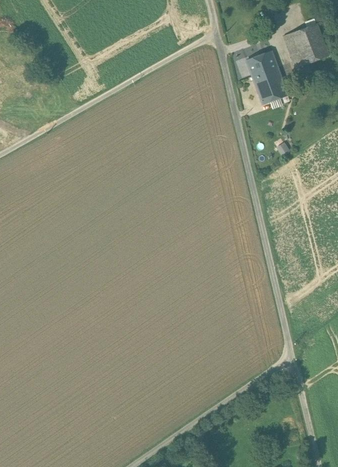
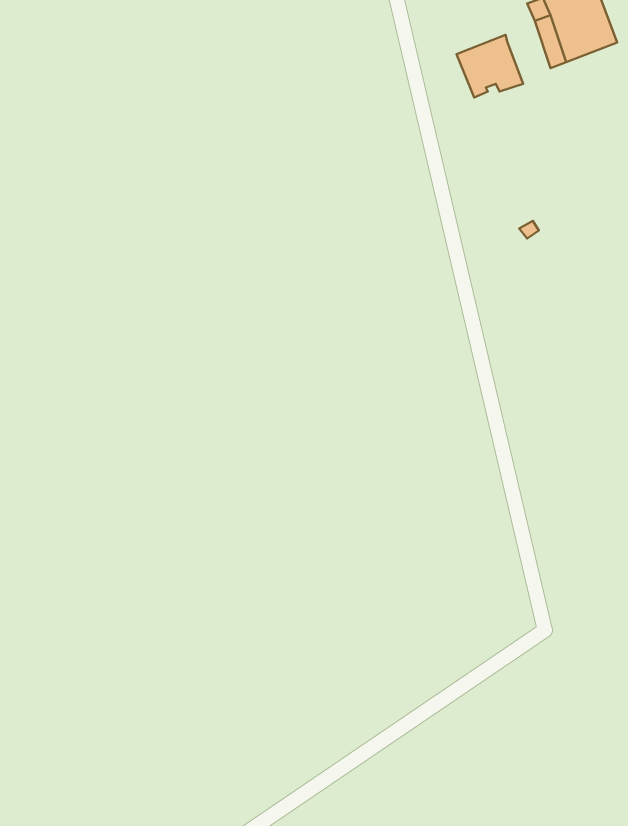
building: [255,76,287,103] -> none

